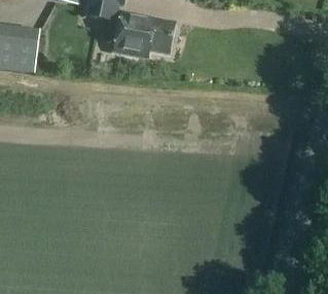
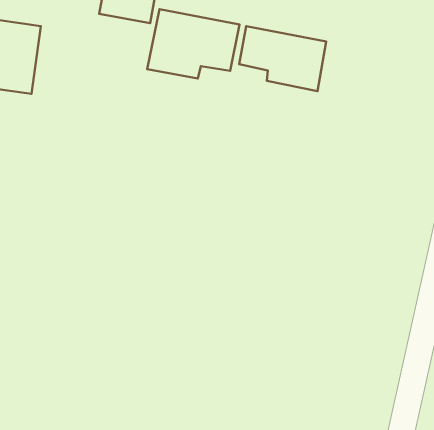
building: none -> [239,26,326,91]

